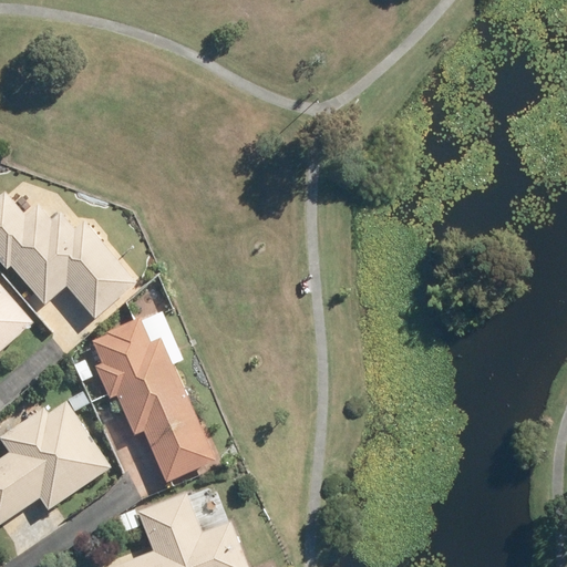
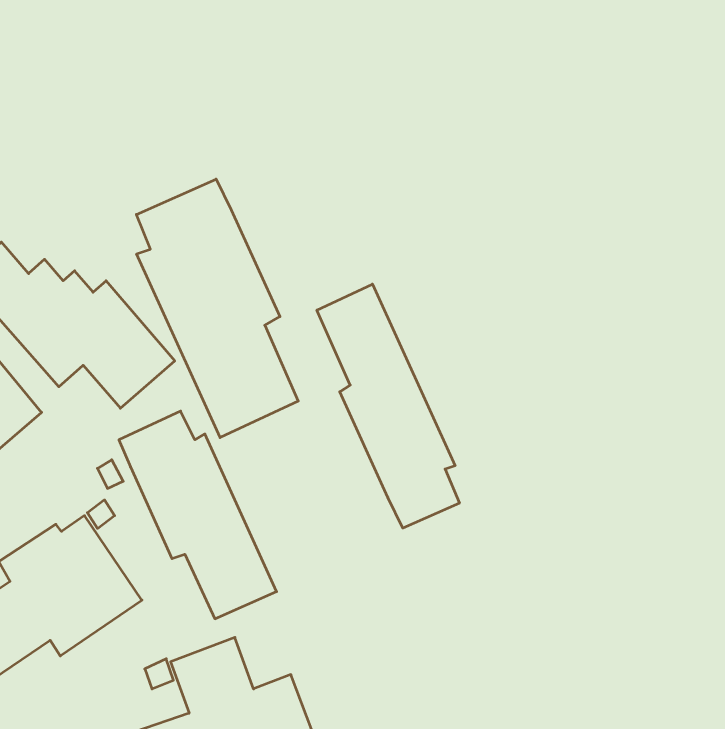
building: none -> [136,179,298,438]
building: none -> [317,284,459,528]

